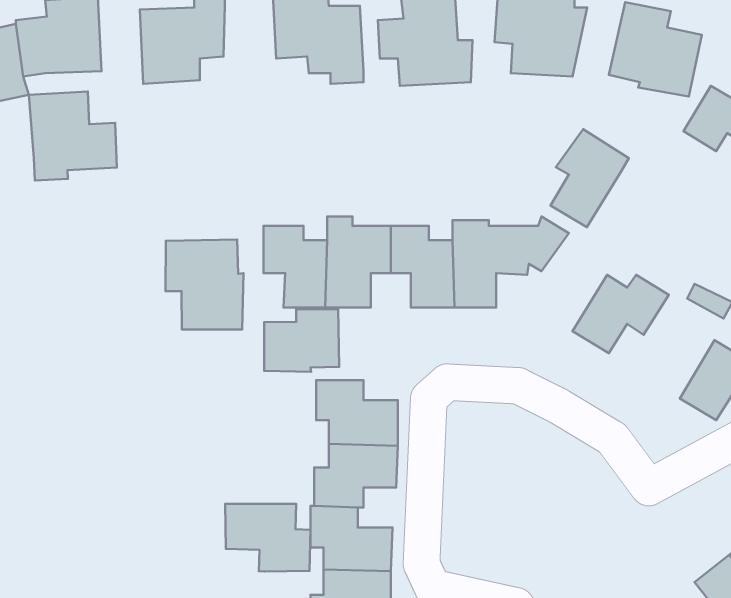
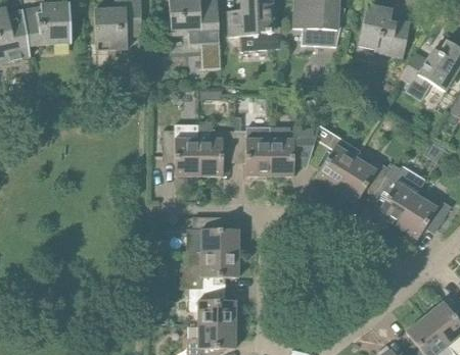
building: [29,92,117,181] -> none
building: [551,129,629,227] -> [317,134,361,189]
building: [165,239,244,329] -> none
building: none -> [377,168,417,226]
building: [264,309,339,372] -> none
building: [225,504,311,571] -> none

